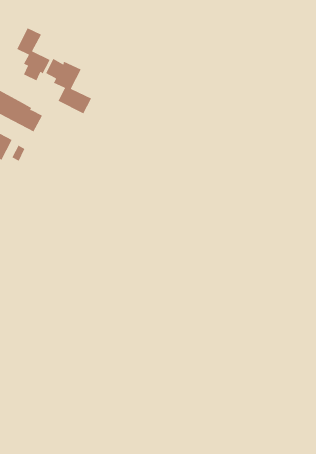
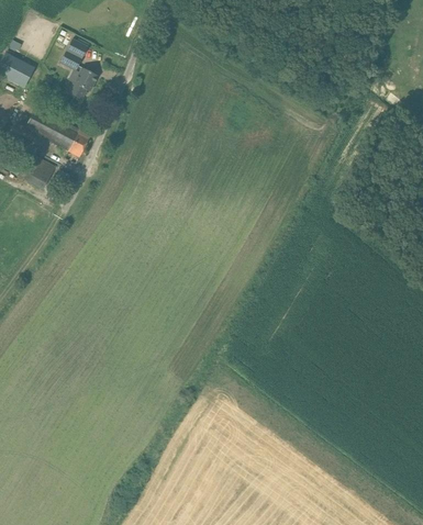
building: [45,58,92,114] -> none

